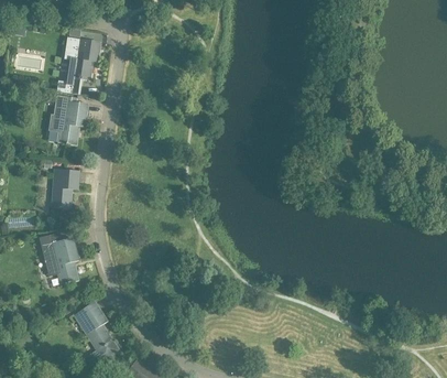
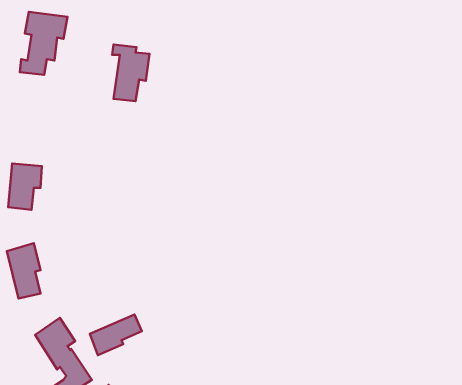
building: [55,95,87,143] -> [112,45,150,101]
building: none -> [90,315,142,355]

